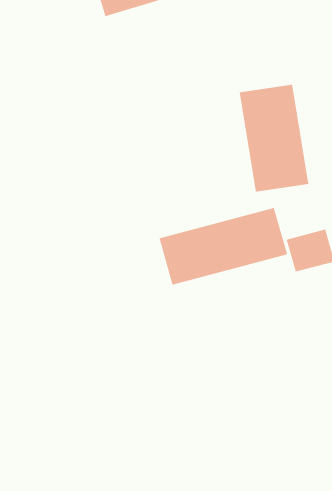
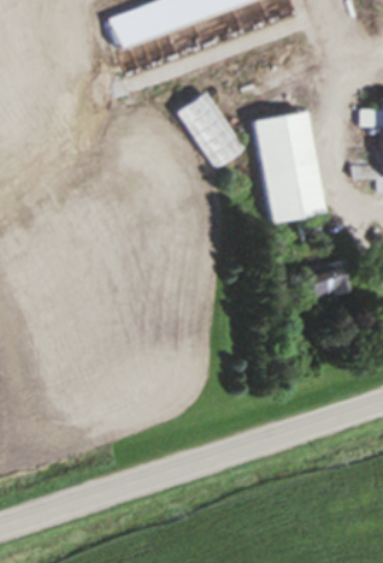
building: none -> [179,91,246,170]
building: [159,207,288,285] -> none

